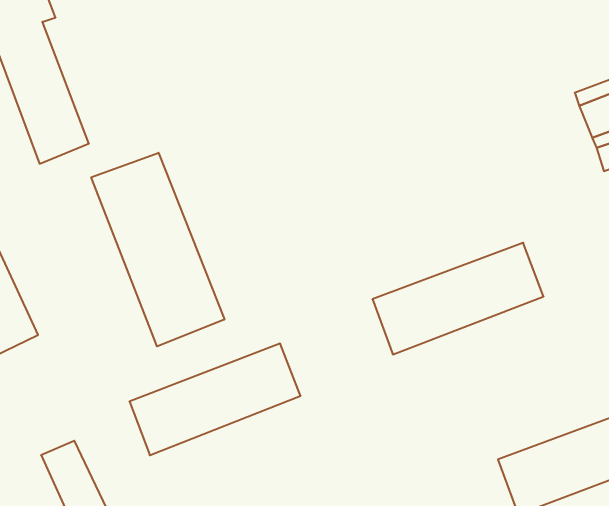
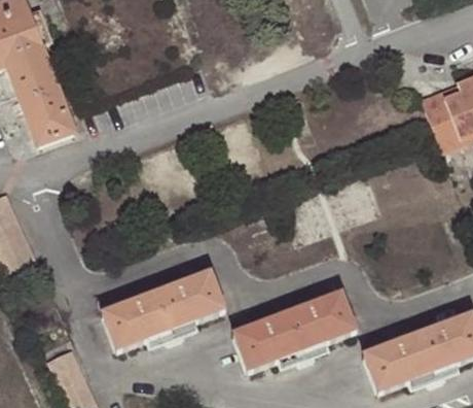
building: [91,153,224,346] -> none
building: [372,243,544,354] -> [232,291,354,370]

